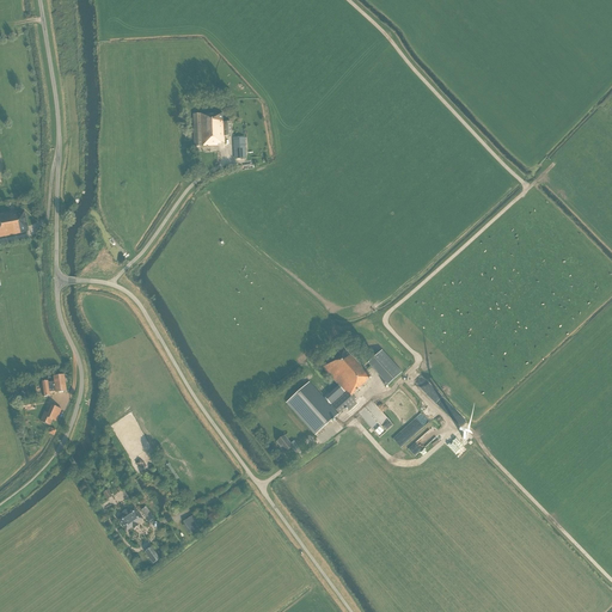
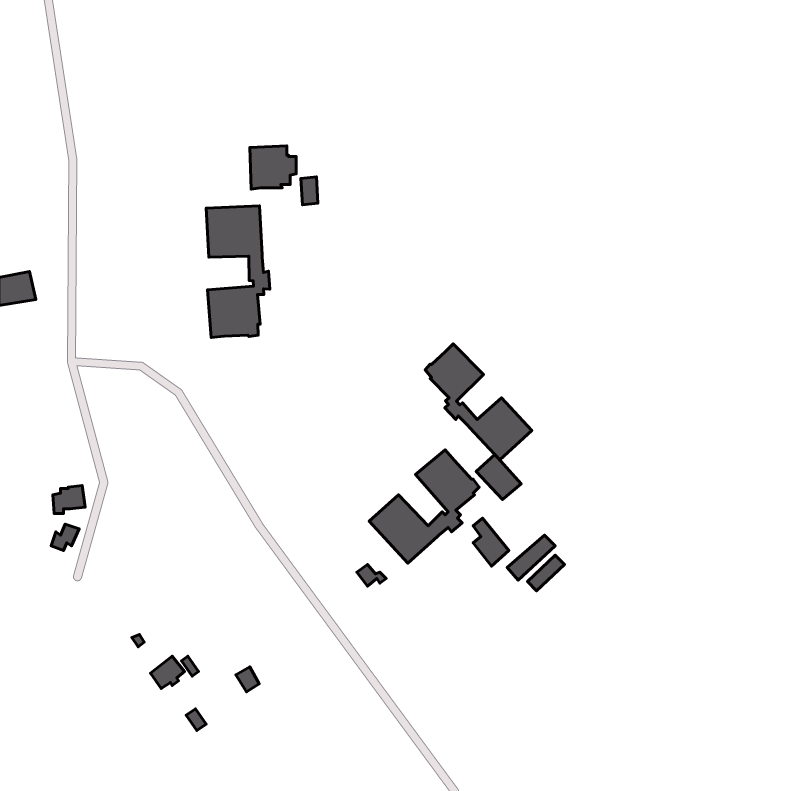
building: none -> [206,206,270,337]
building: none -> [425,344,532,460]

